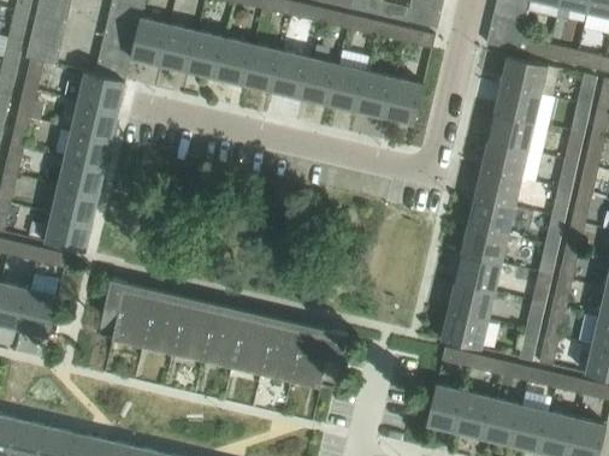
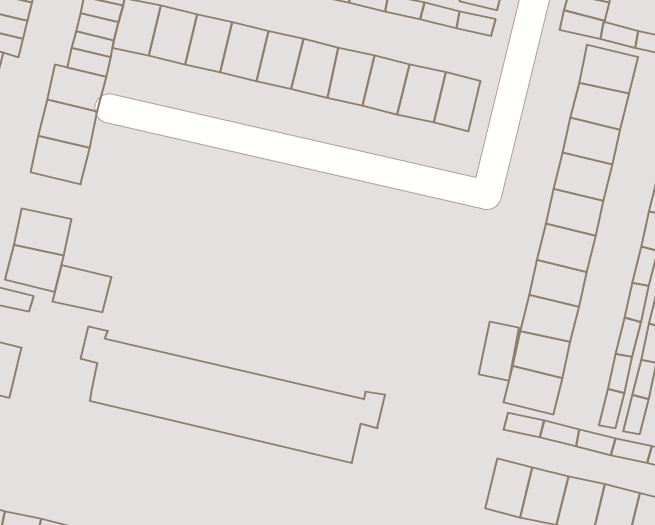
building: [58,158,105,195] -> [52,265,112,312]
building: none -> [479,322,519,381]

